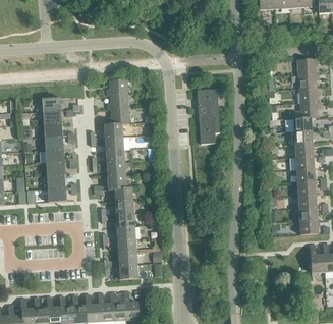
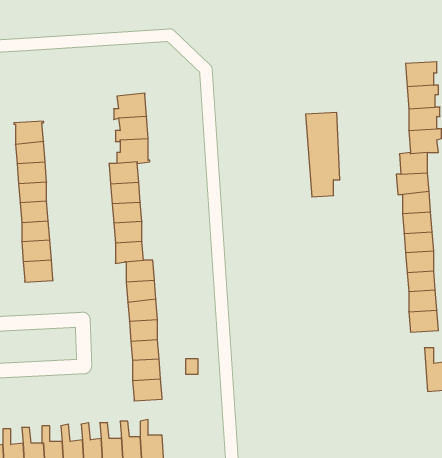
building: [197,89,219,144] -> [306,113,340,197]

